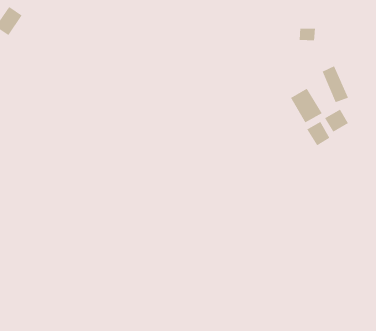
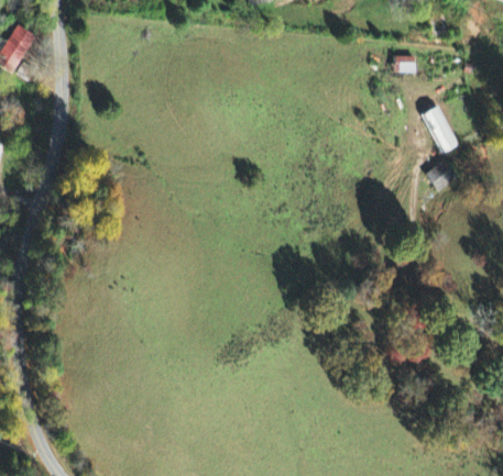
building: [290,88,323,123] -> none
building: [307,121,330,146] -> none

